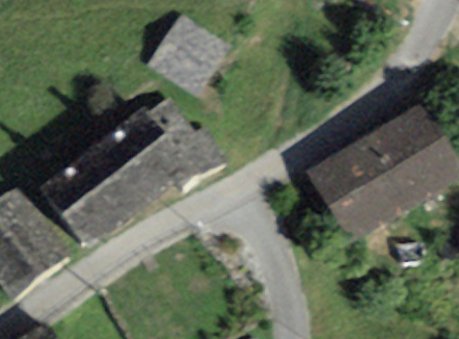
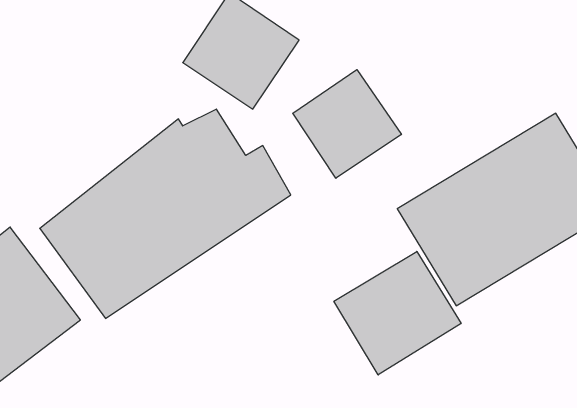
building: none -> [293,70,401,178]
building: none -> [334,251,461,375]

